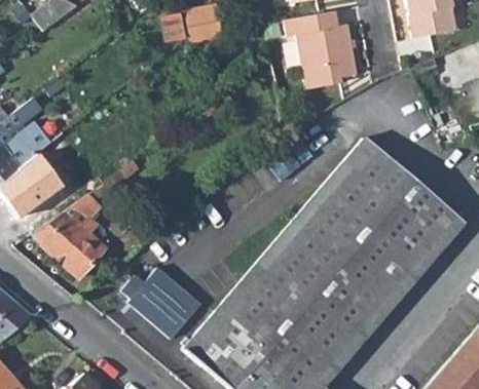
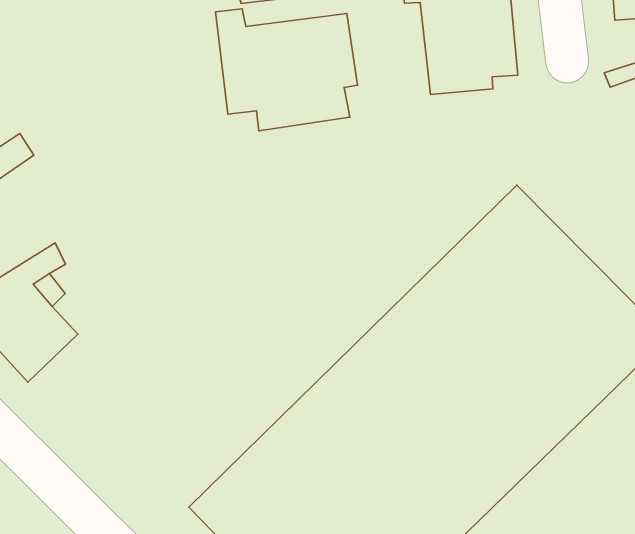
building: none -> [215,9,357,131]
building: [127,267,198,337] -> none

